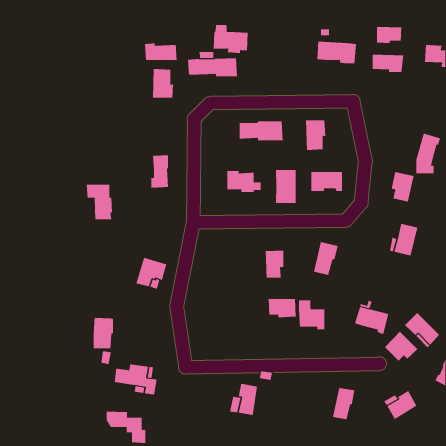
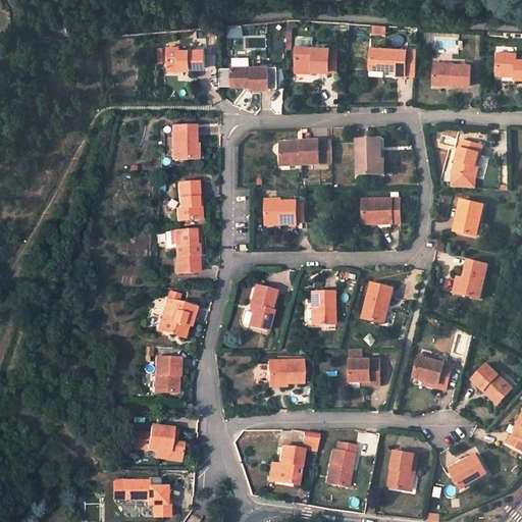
building: [213,25,249,53] -> [296,39,337,72]
building: [377,26,402,44] -> none
building: [152,68,174,98] -> [174,123,200,158]
building: [415,133,441,174] -> [453,140,482,188]
building: [276,169,296,204] -> none
building: [86,184,113,220] -> [165,230,197,272]
building: none -> [247,286,273,330]
building: [268,298,297,318] -> [268,362,302,384]
building: [93,317,114,349] -> [155,355,179,392]
building: [384,331,418,361] -> none
building: none -> [326,442,355,486]

